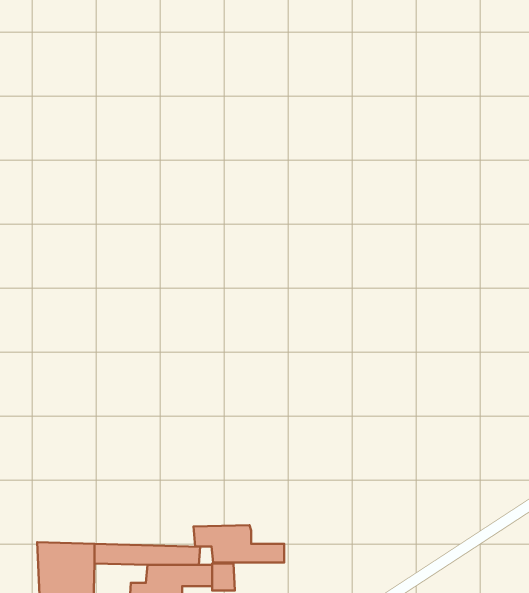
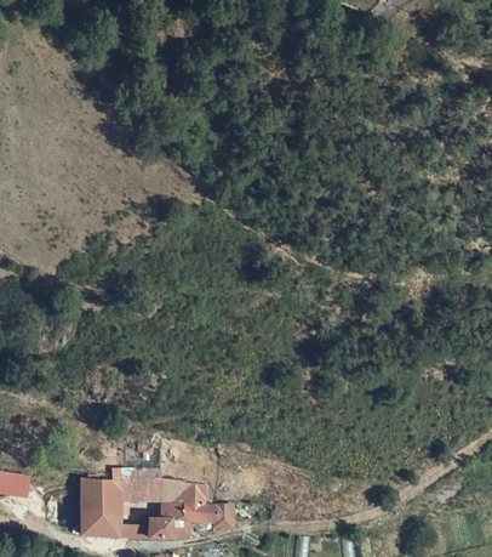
building: [193,525,284,563] -> none

